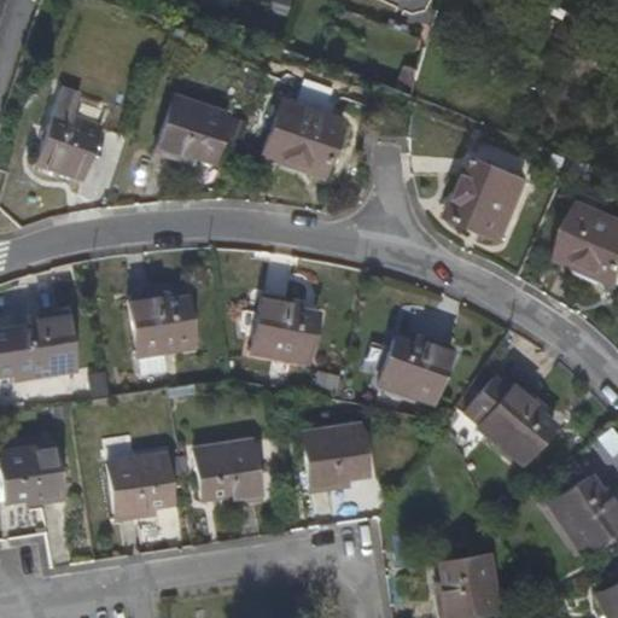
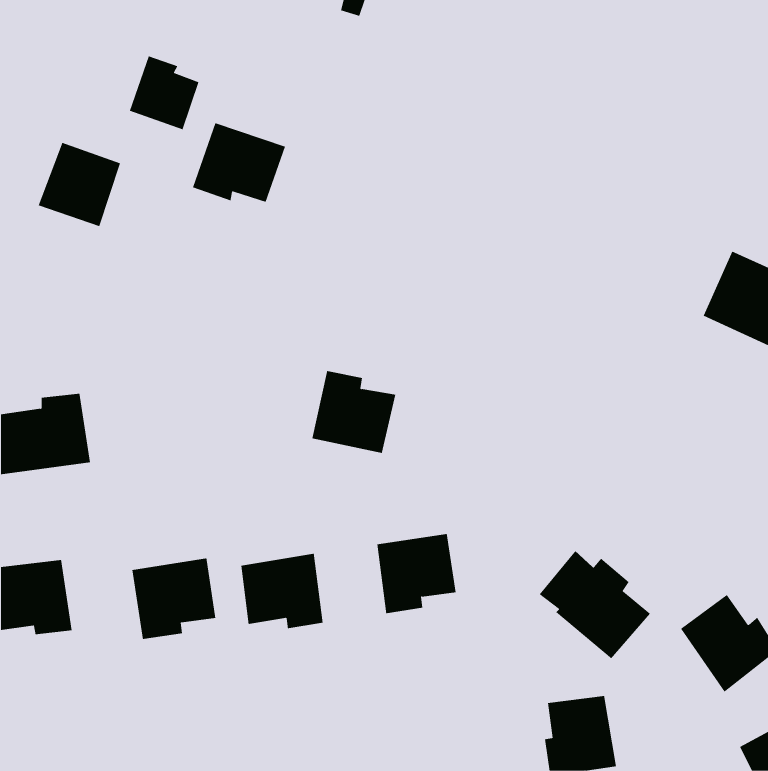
building: none -> [129,55,199,130]
building: [266,103,344,176] -> none
building: [453,159,530,241] -> none
building: [130,293,198,372] -> none
building: [379,336,455,402] -> none
building: [467,375,556,462] -> [539,550,651,659]

